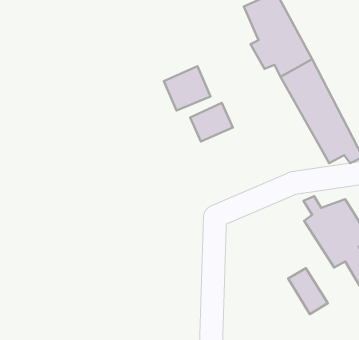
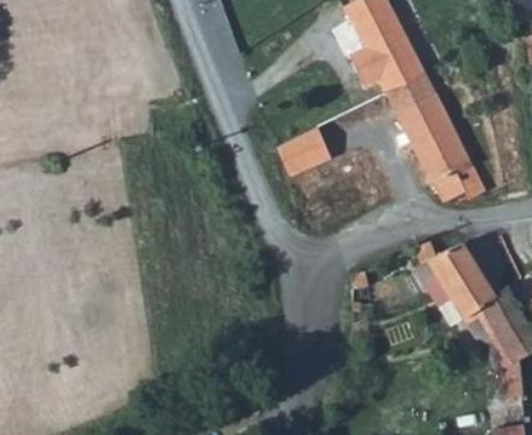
building: [164,66,211,110] -> none
building: [288,268,328,314] -> none

